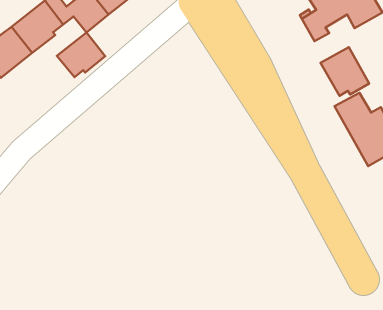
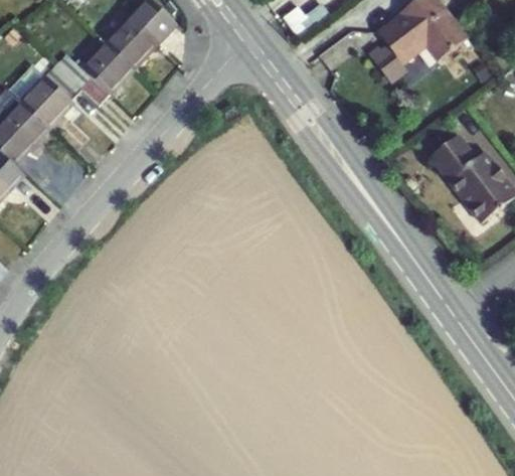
building: [57,32,105,77] -> none
building: [321,47,369,96] -> none

